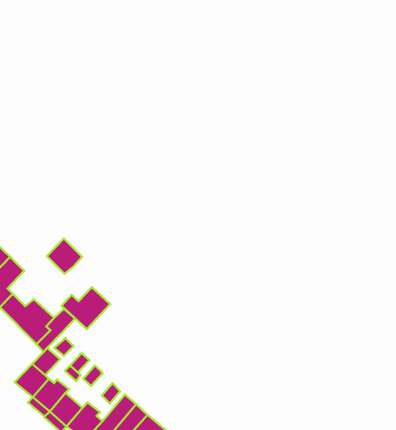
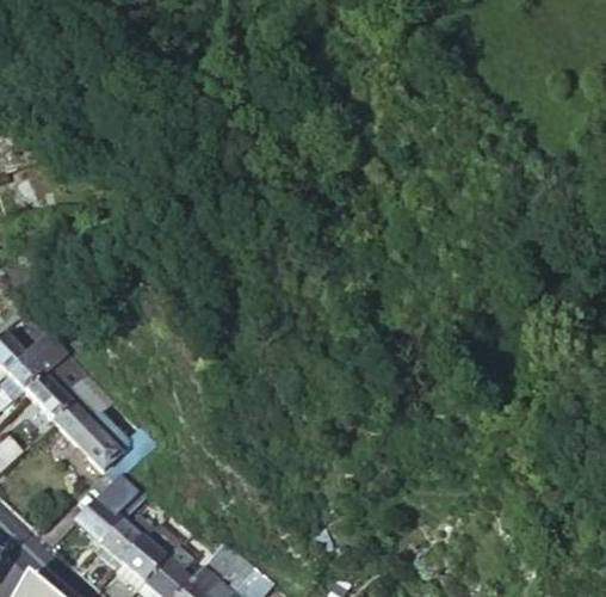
building: [47,238,82,274] -> [66,375,113,423]
building: [62,287,110,329] -> none

